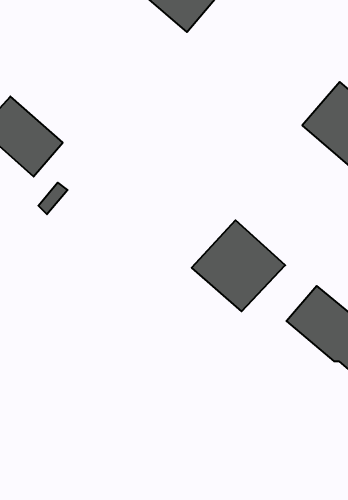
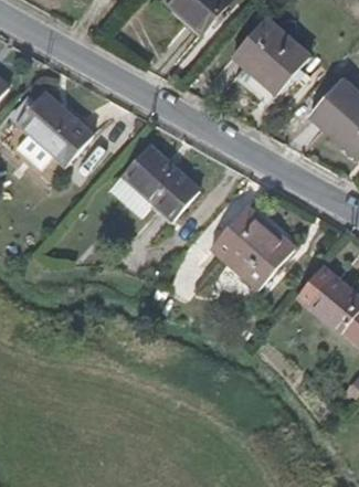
building: none -> [233,19,309,93]
building: none -> [122,145,199,221]

